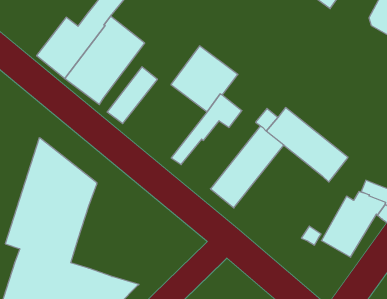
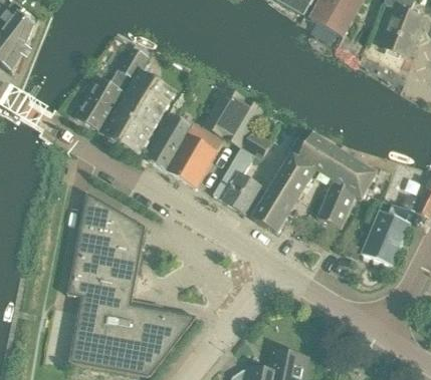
building: none -> [164,121,223,186]
building: none -> [223,172,261,213]
building: none -> [318,179,356,227]

